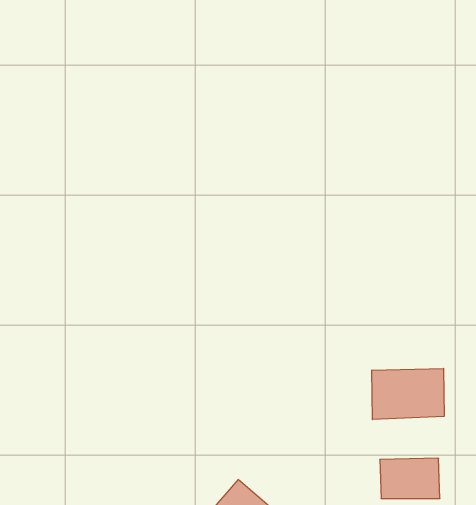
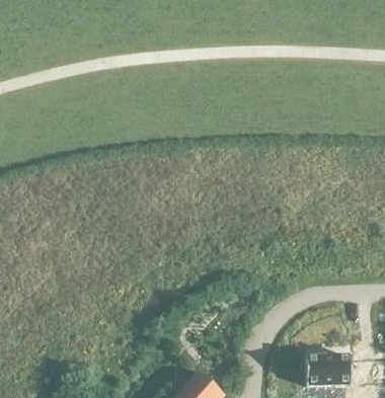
building: [372,368,444,420] -> none

